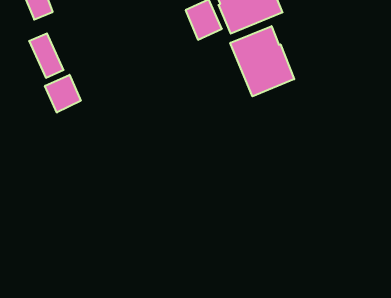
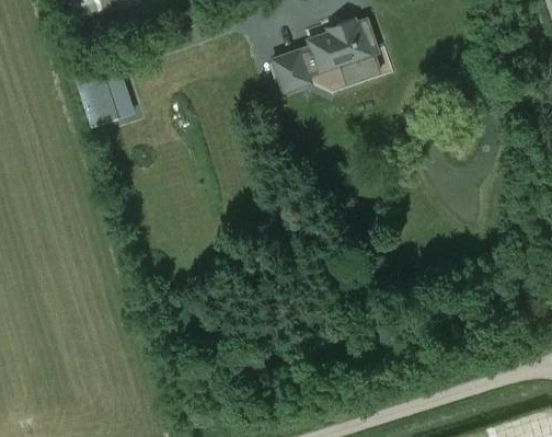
building: [230,26,294,96] -> none
building: [45,75,81,113] -> none

